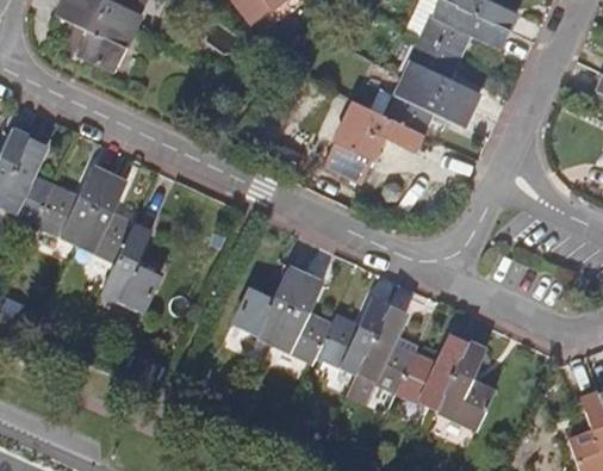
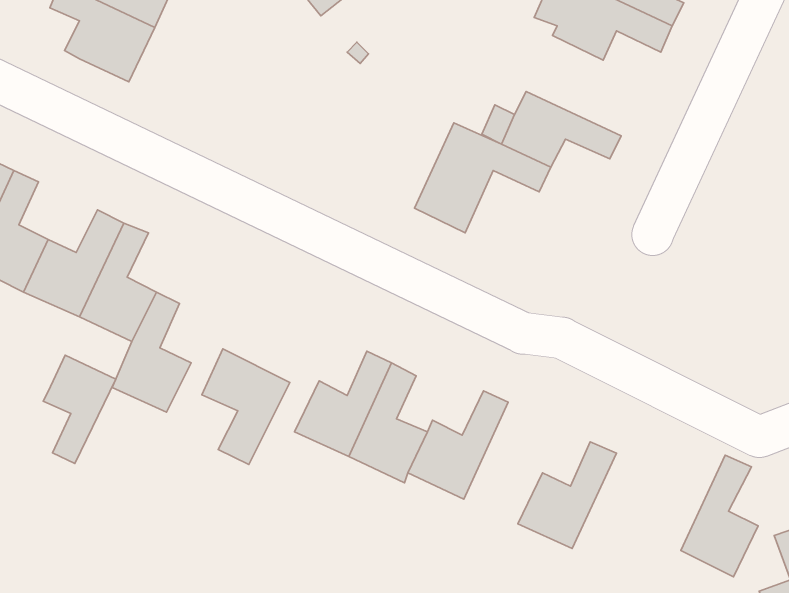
building: [403,38,480,111] -> none
building: none -> [202,349,290,464]
building: none -> [43,355,116,463]
building: [358,304,415,392] -> none
building: [436,341,492,429] -> [681,455,758,577]

